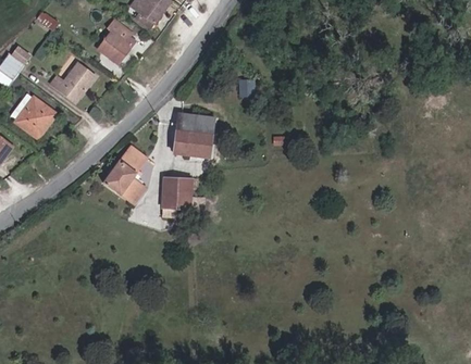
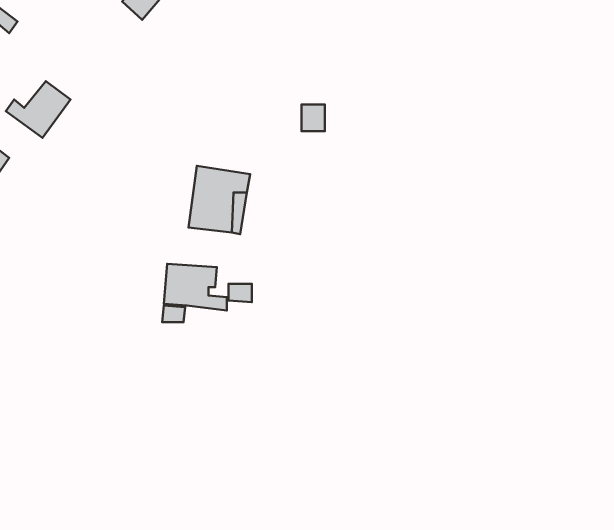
building: [99,32,136,64] -> none
building: [106,148,149,204] -> none

